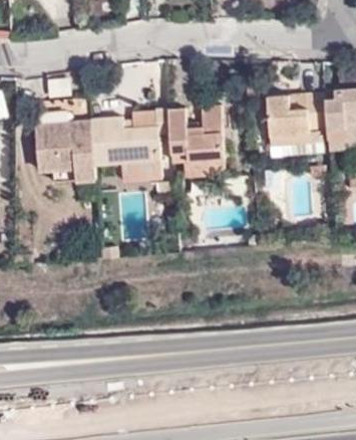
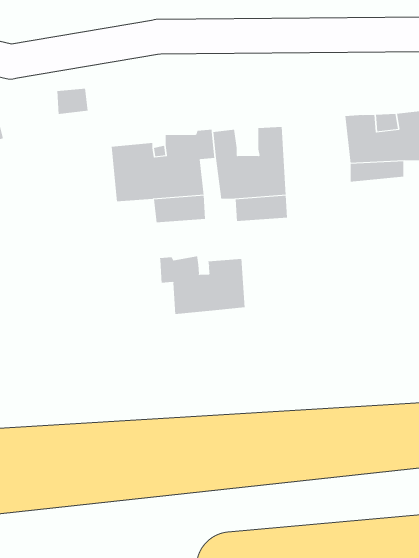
building: [35,120,95,179] -> none
building: none -> [159,255,245,315]

